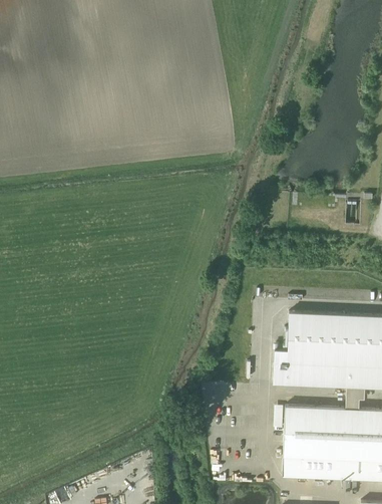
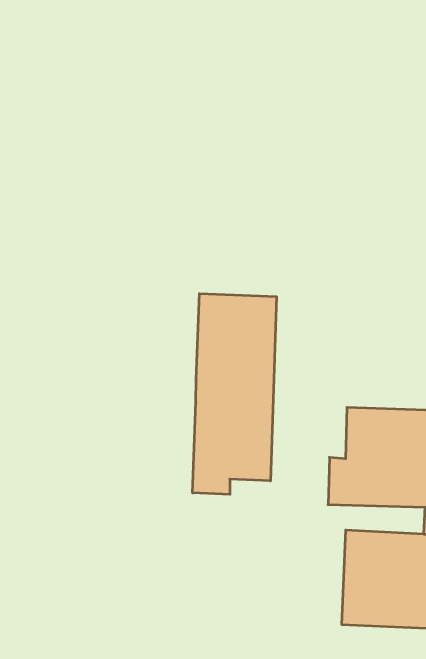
building: none -> [193,294,276,494]

